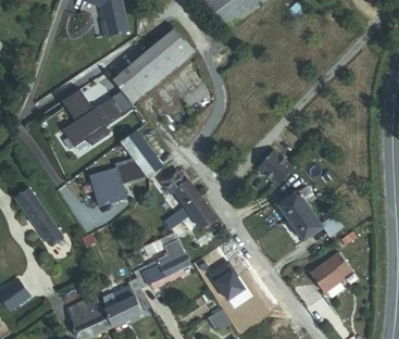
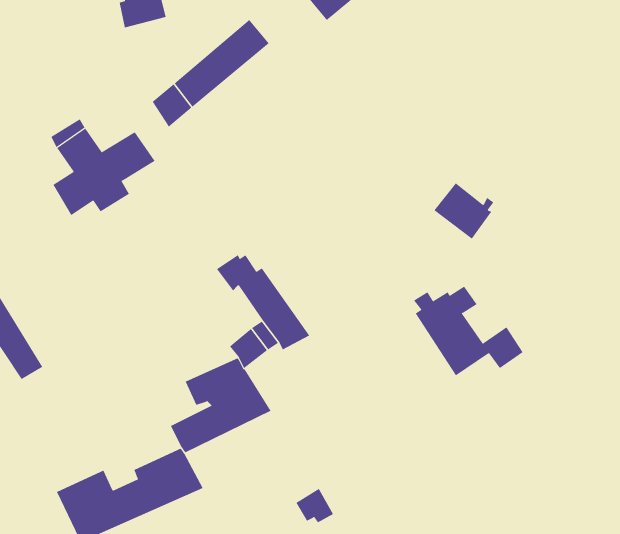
building: [120,131,162,179] -> none
building: [258,150,294,184] -> [433,182,494,239]
building: [90,171,122,208] -> none
building: [308,250,352,292] -> none
building: [207,260,242,299] -> none

